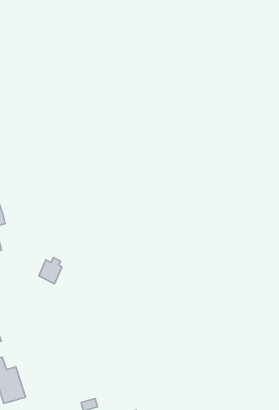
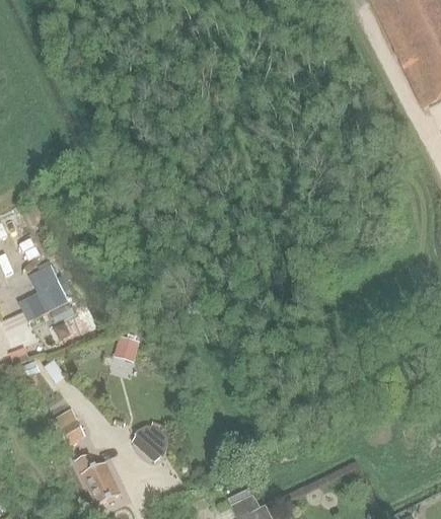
building: none -> [134,426,167,457]

